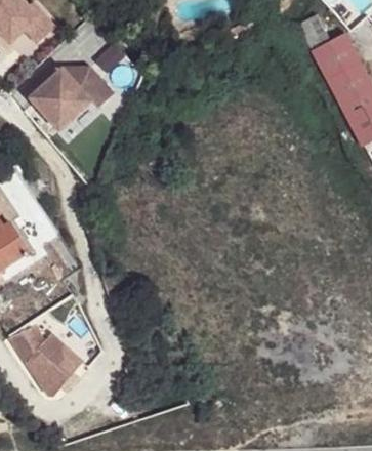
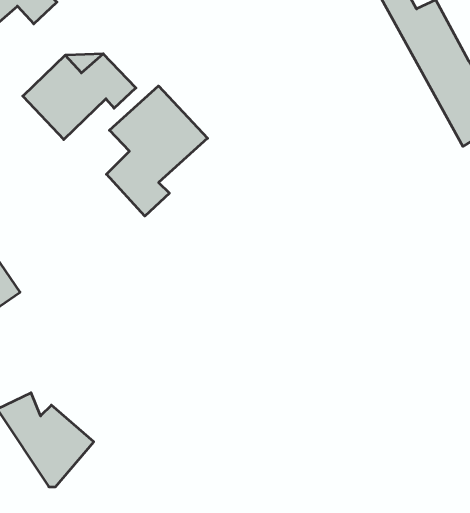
building: none -> [106,86,208,216]

